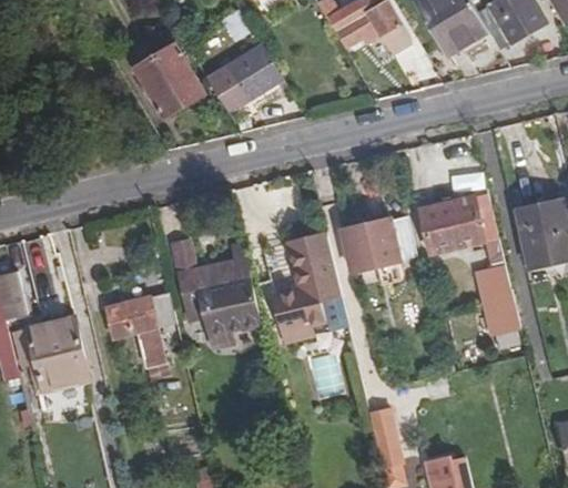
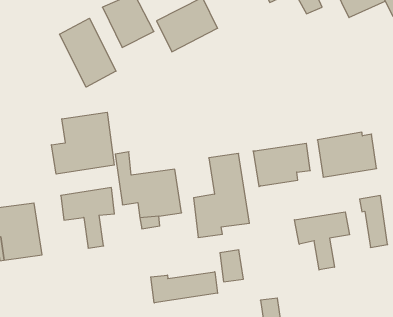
building: none -> [60,18,116,87]
building: none -> [51,112,114,174]
building: none -> [294,212,349,270]
building: none -> [151,272,218,303]

